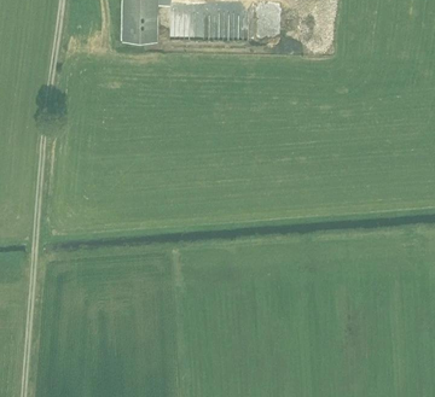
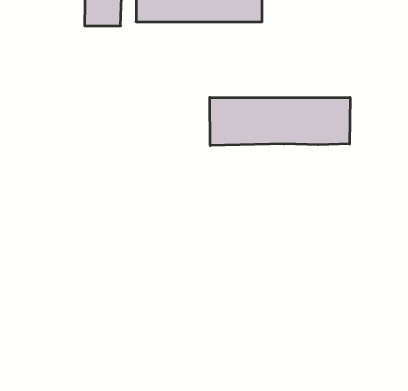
building: none -> [210,97,350,146]

